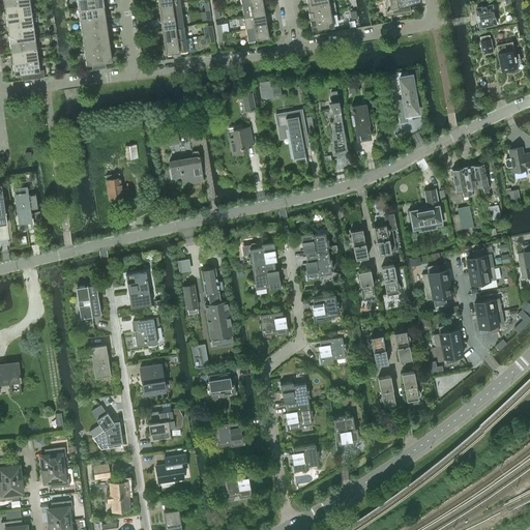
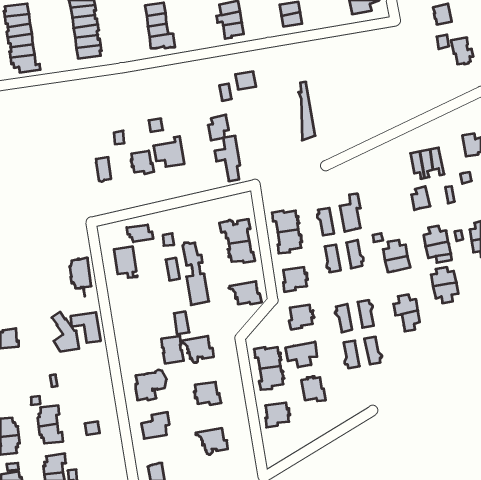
building: [396,77,417,118] -> none
building: [351,104,370,141] -> none
building: [278,111,306,160] -> [215,136,240,181]
building: none -> [131,151,154,174]
building: [409,189,441,227] -> none
building: [14,193,37,229] -> none
building: none -> [127,225,153,242]
building: [132,318,159,346] -> none
building: [140,364,165,394] -> [161,336,184,363]
building: none -> [286,342,317,367]
building: [91,406,121,449] -> [52,312,79,351]
building: [107,480,129,511] -> none

